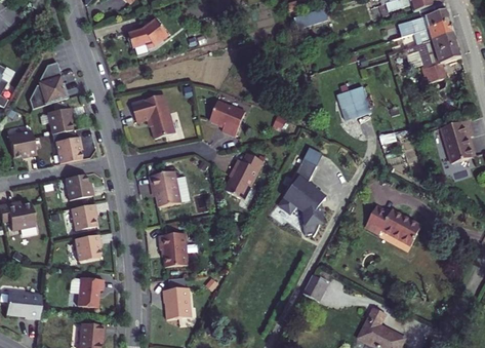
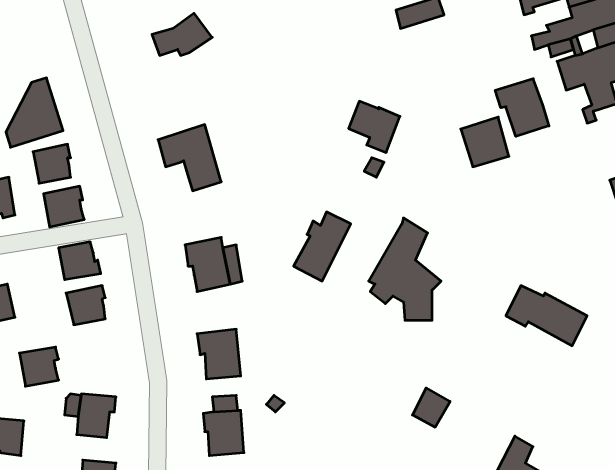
building: none -> [495,79,549,136]
building: [209,102,244,137] -> [349,101,400,152]
building: [73,234,99,261] -> [19,347,59,386]

